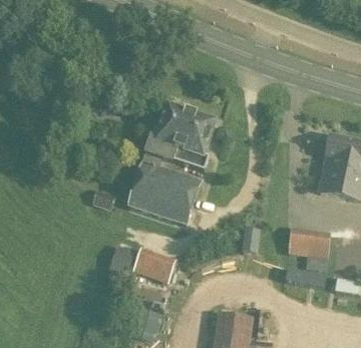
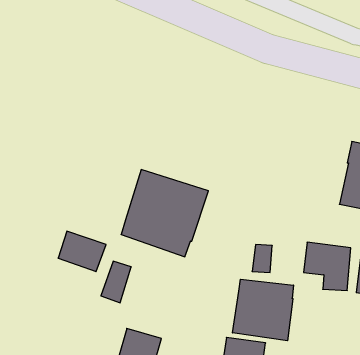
building: [147,104,214,167] -> none
building: [132,243,175,279] -> [58,231,106,272]
building: none -> [233,279,293,341]

